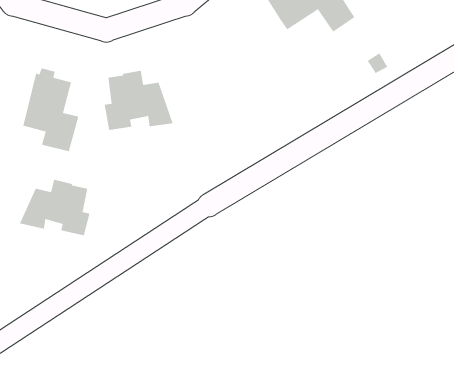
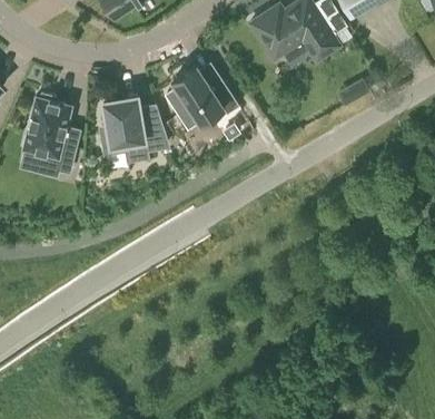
building: none -> [172,65,239,123]
building: [19,179,90,236] -> none

